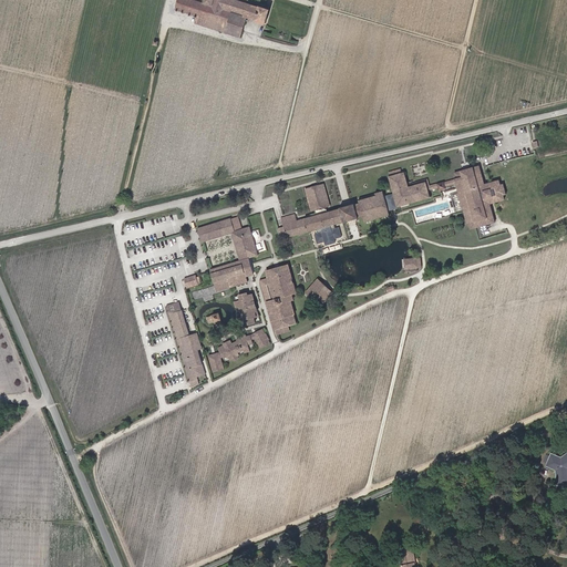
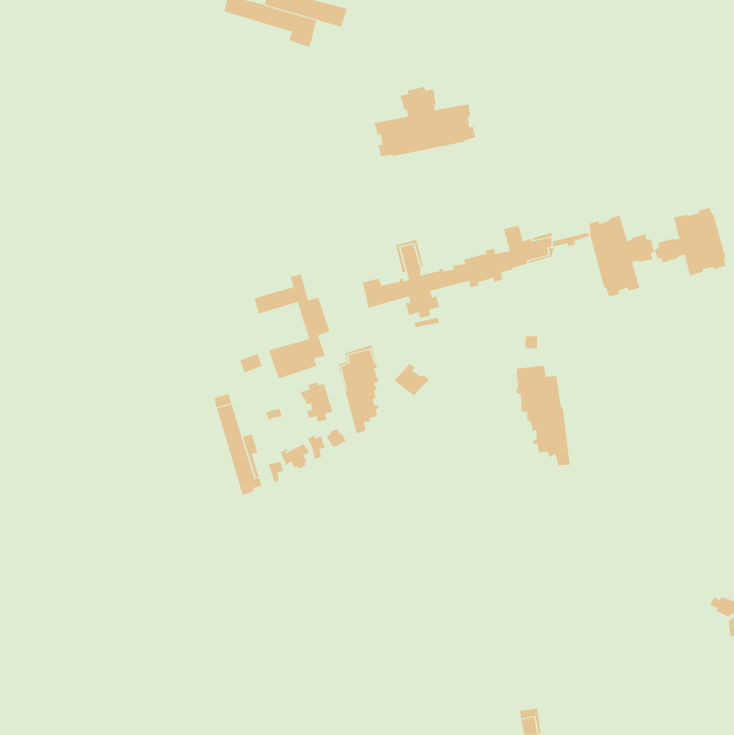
building: none -> [374,86,476,157]
building: none -> [654,207,727,276]
building: none -> [516,365,570,466]

